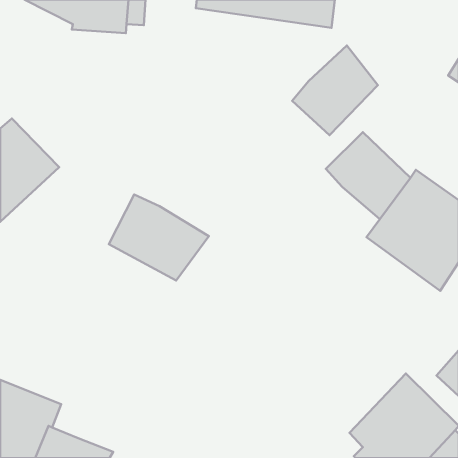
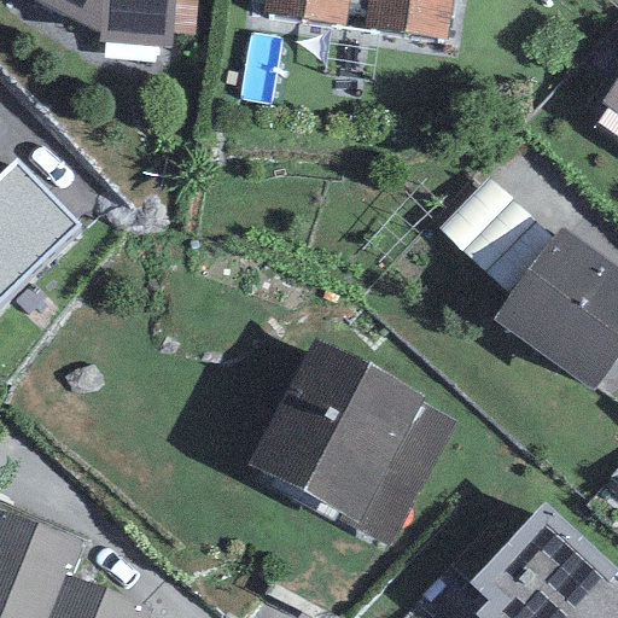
building: [292,46,378,135] -> none
building: [109,195,209,280] -> none
building: none -> [250,337,457,546]

